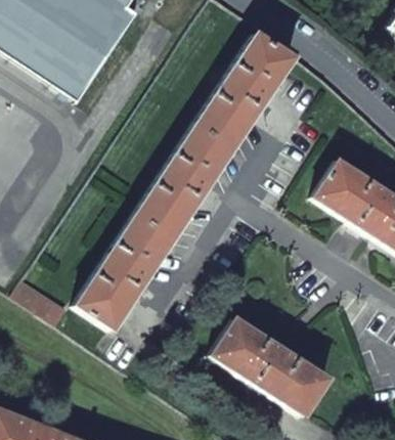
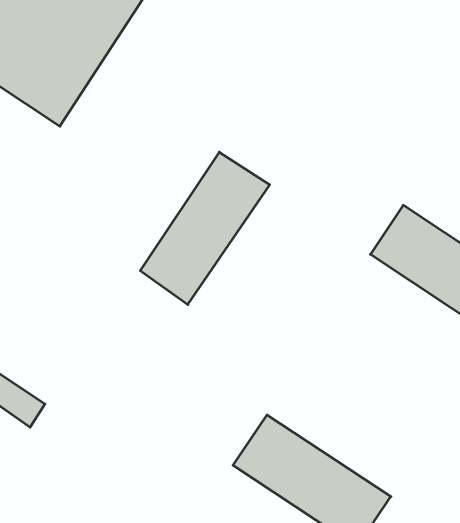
building: [200,29,298,144] -> none
building: [81,209,176,325] -> none

